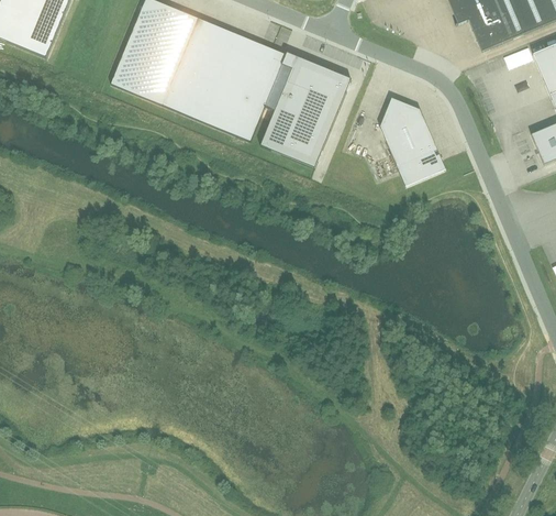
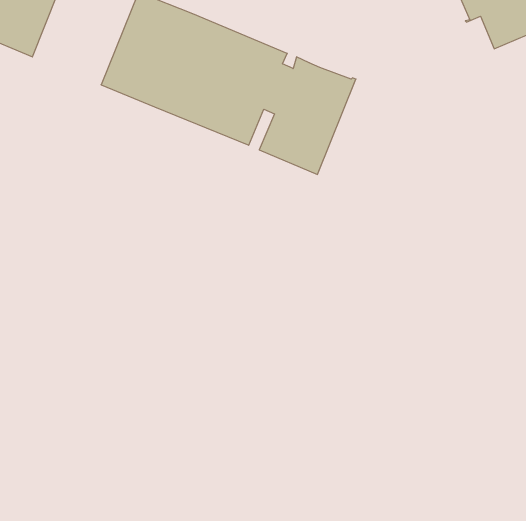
building: [380,96,446,185] -> none

